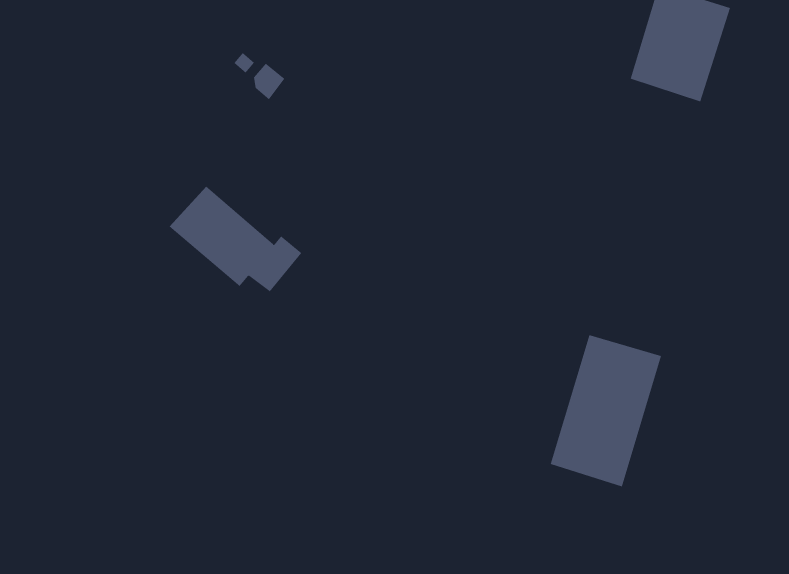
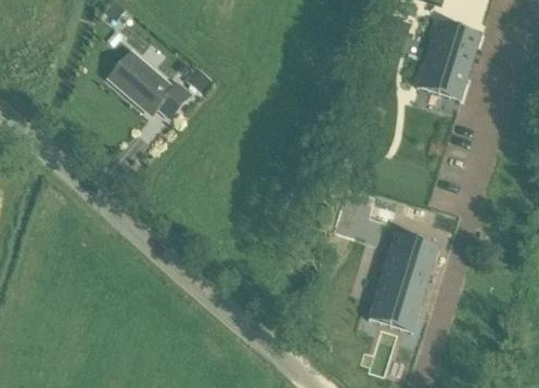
building: [169,186,302,292] -> [108,54,190,119]

